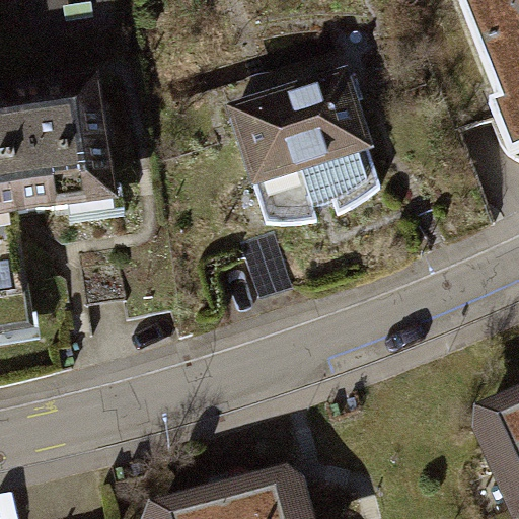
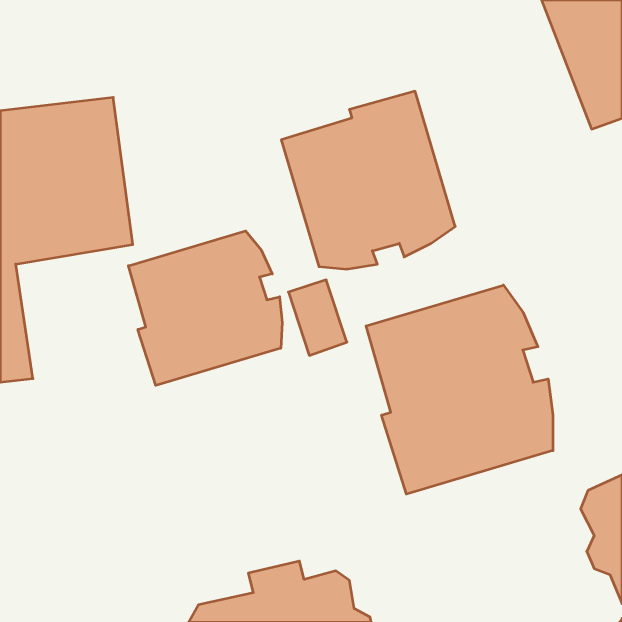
building: none -> [128,231,282,385]
building: none -> [366,285,553,494]

